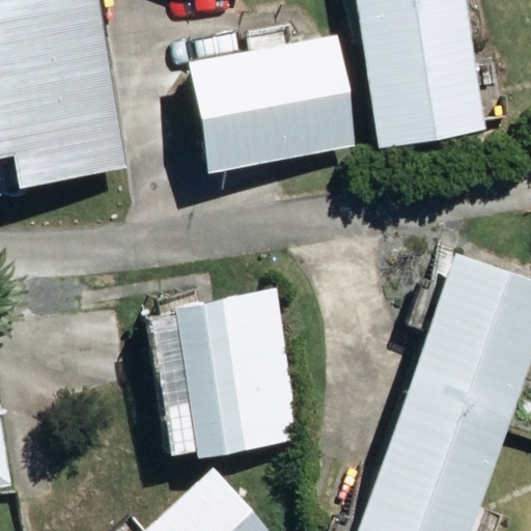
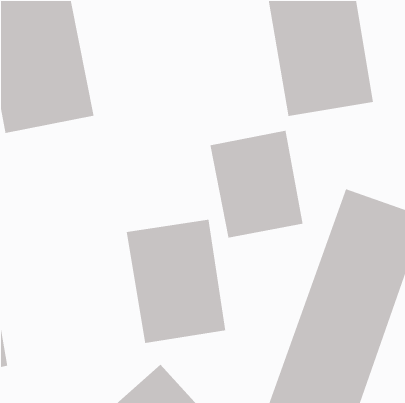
building: [181,27,353,167] -> none
building: none -> [209,130,303,238]

